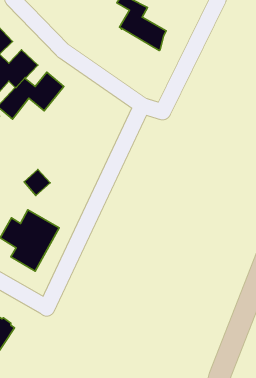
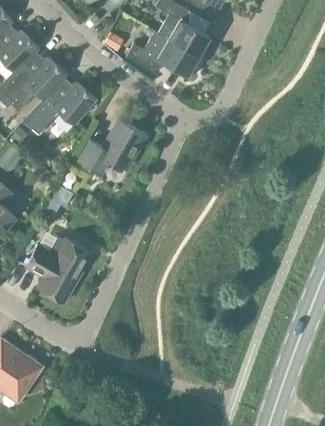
building: none -> [126,30,202,75]
building: none -> [78,119,146,174]

